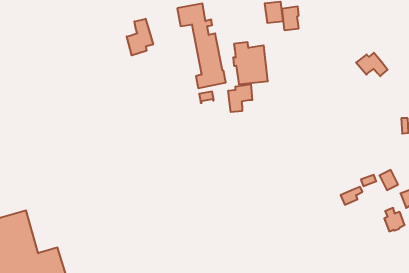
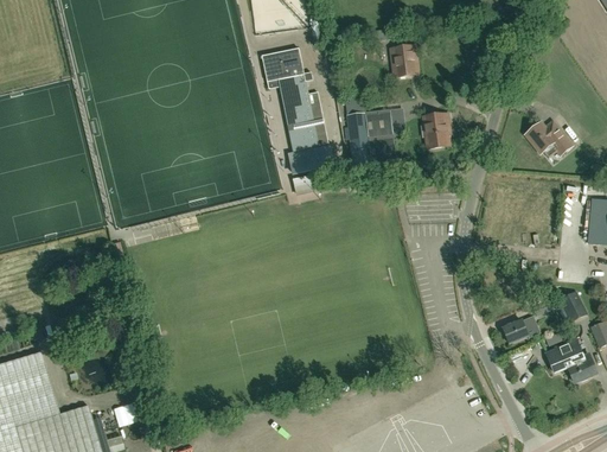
building: [282,7,299,30] -> [423,113,448,147]
building: [127,19,153,55] -> none
building: [228,84,252,112] -> none
building: none -> [545,339,579,373]

